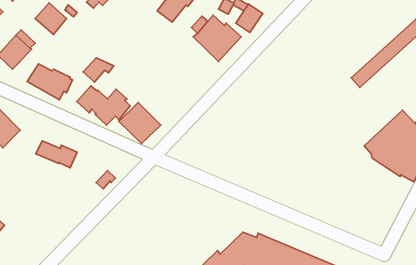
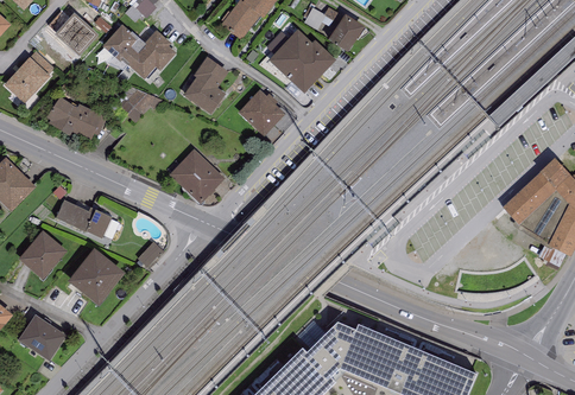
building: none -> [185,57,228,113]
building: none -> [238,89,286,138]
building: [77,86,130,125] -> [103,25,176,78]
building: none -> [19,230,67,280]
building: none -> [68,249,125,306]
building: none -> [18,314,67,361]

